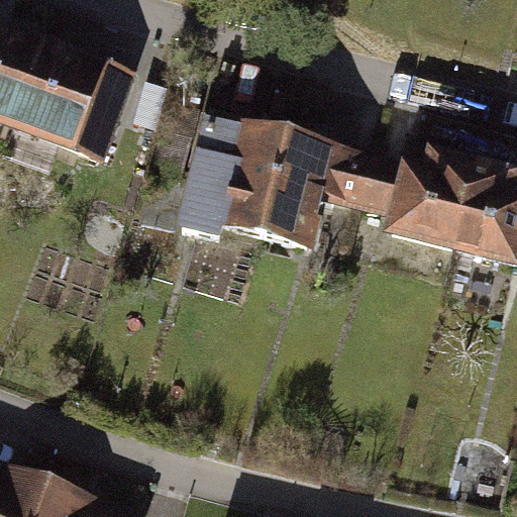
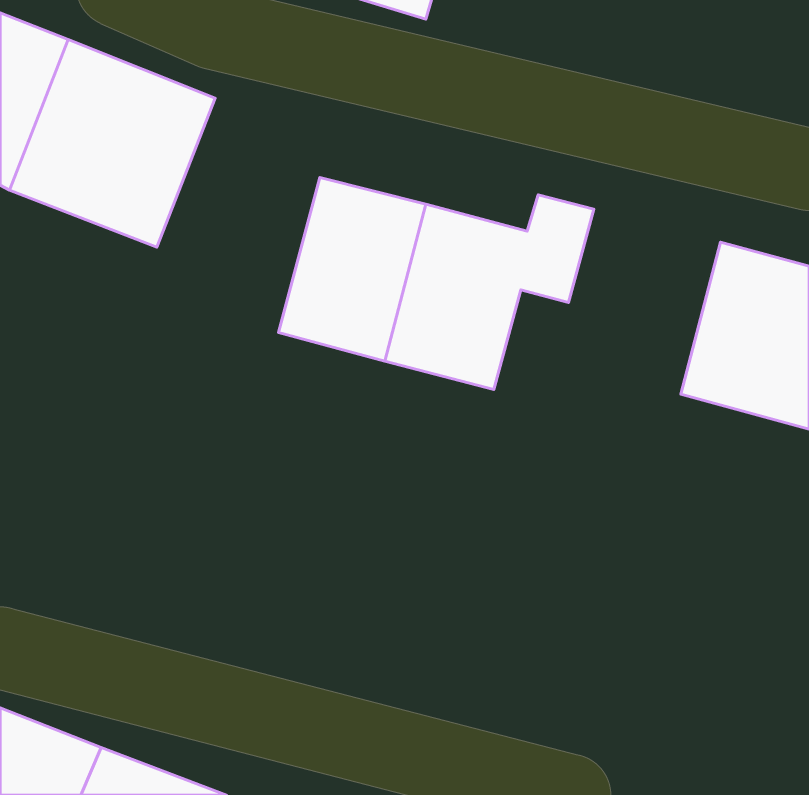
building: [363,133,459,251] -> none

